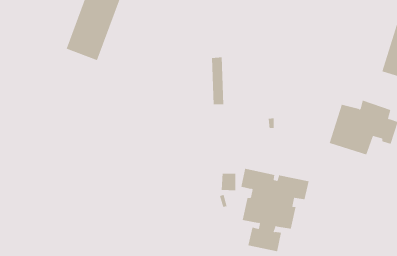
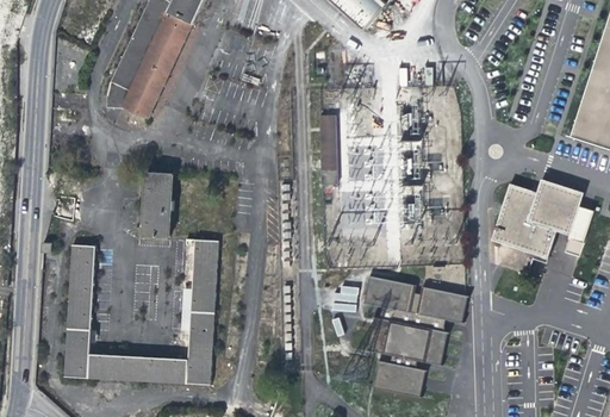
building: none -> [141,172,172,237]
building: none -> [64,238,218,384]

